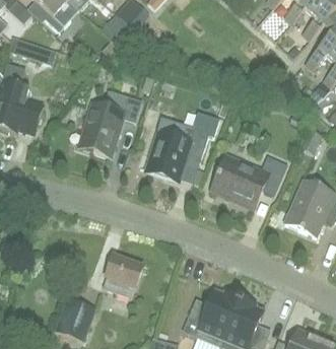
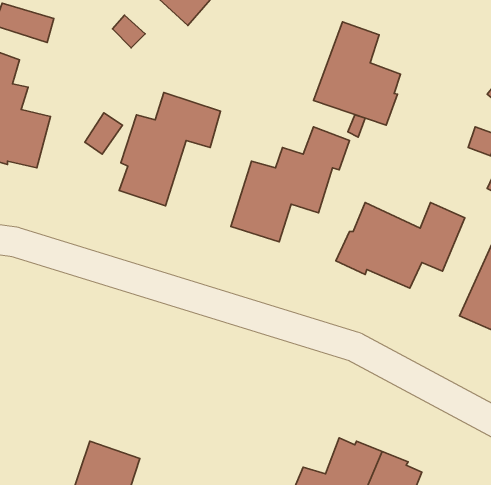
building: none -> [313,22,400,125]
building: [103,254,143,296] -> none

